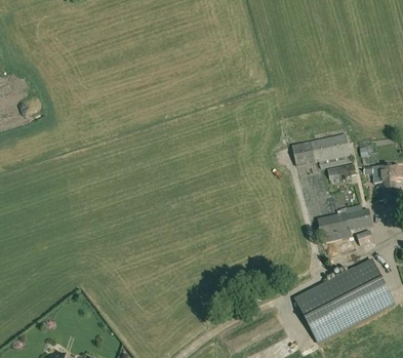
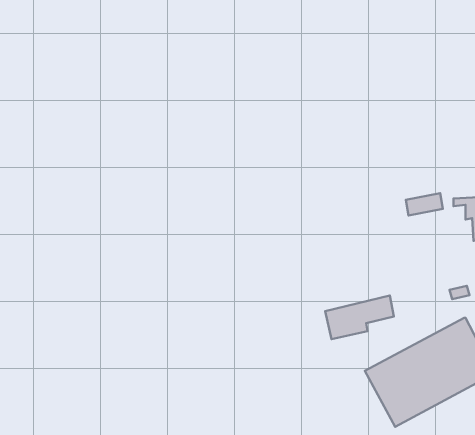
building: [291,133,349,164] -> none
building: [317,206,370,240] -> [325,295,394,339]

